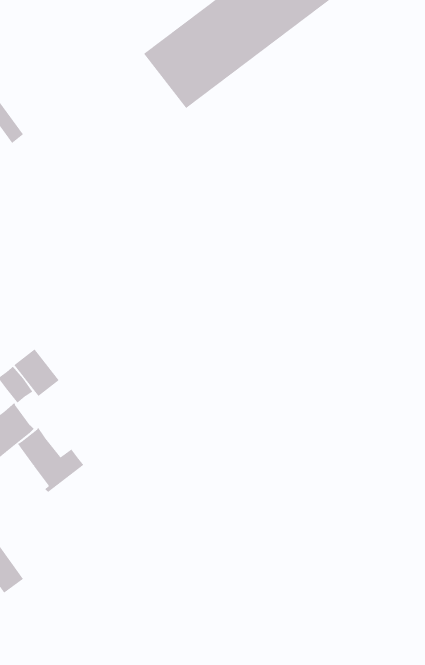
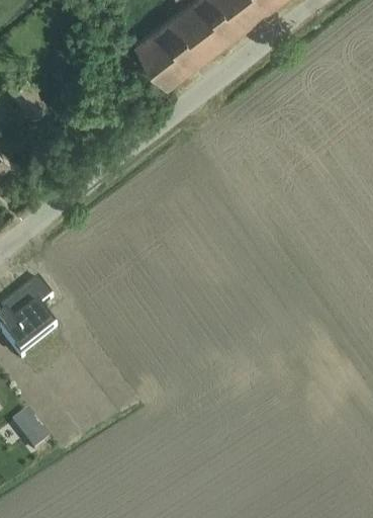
building: [14,349,59,397] -> none
building: [17,427,84,493] -> none

